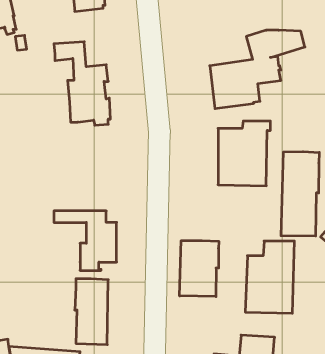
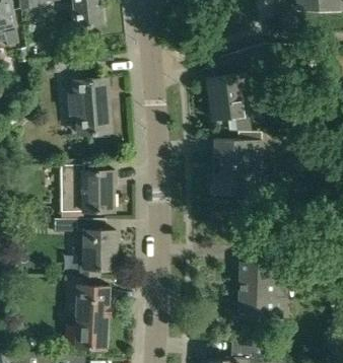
building: [281,152,319,236] -> none
building: none -> [60,164,114,212]
building: [180,241,219,297] -> none

